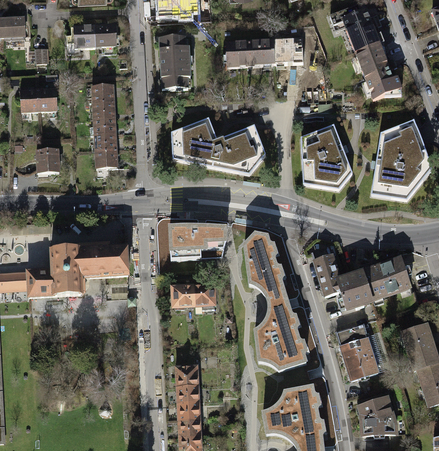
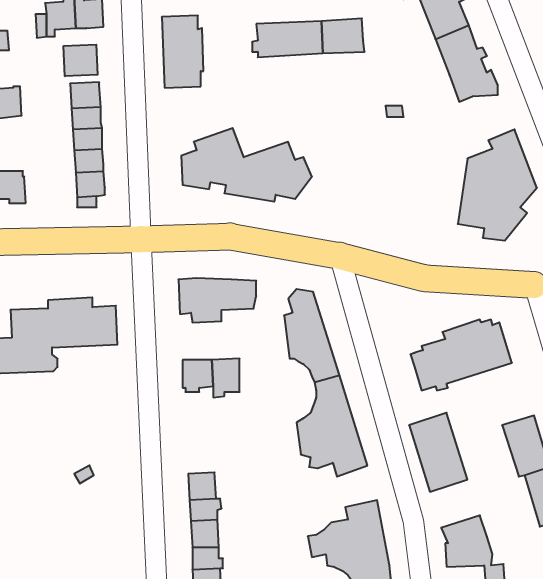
building: none -> [64,45,98,76]
building: [302,123,352,187] -> none
building: [315,253,340,294] -> none

